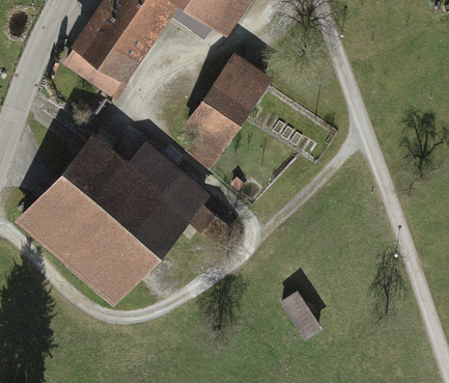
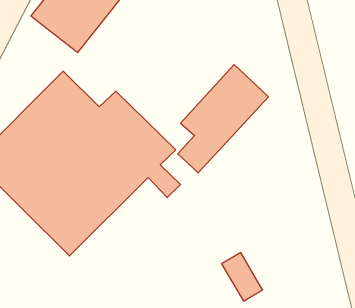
building: [190,50,278,165] -> [178,65,268,173]

